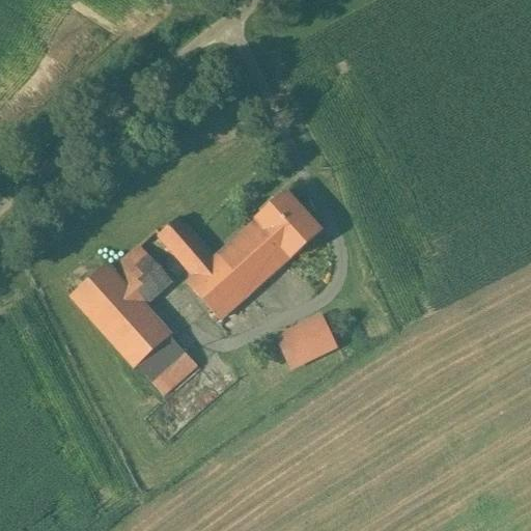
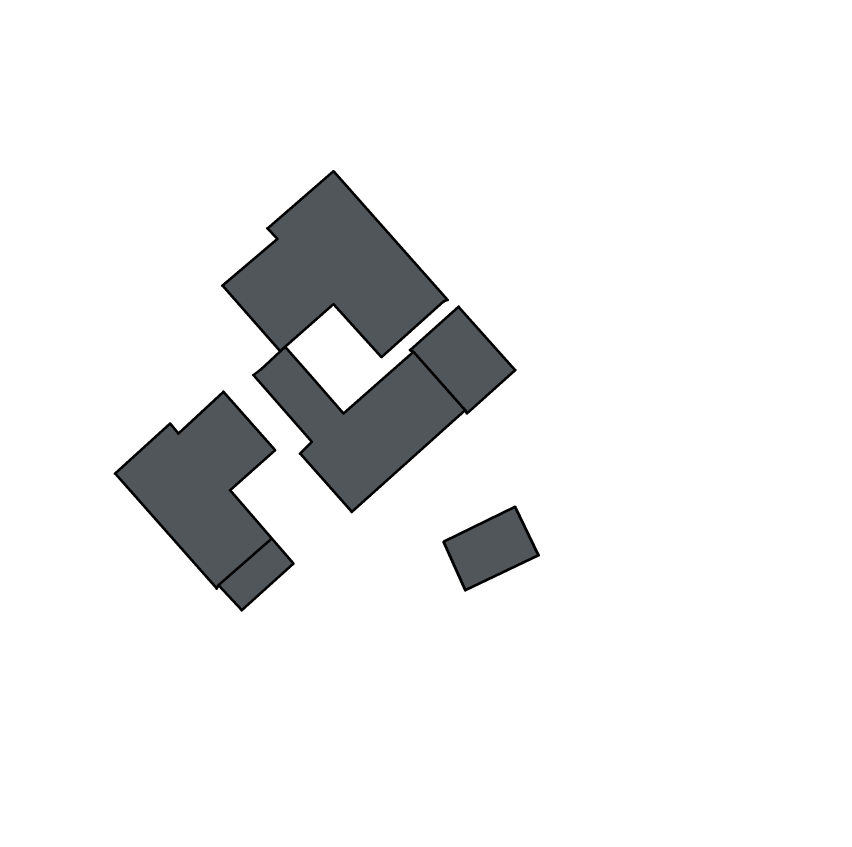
building: none -> [222,171,448,357]
building: [150,351,196,394] -> none

